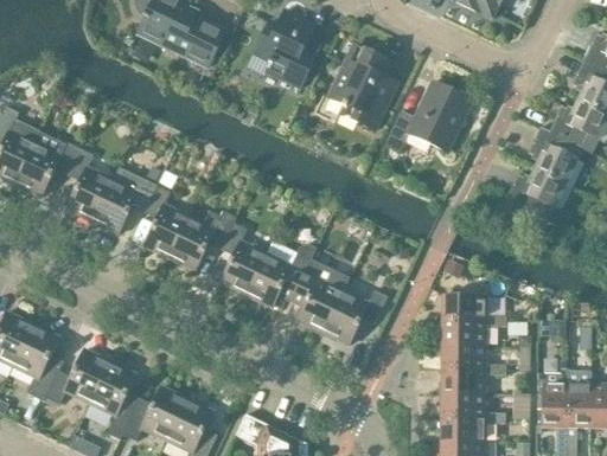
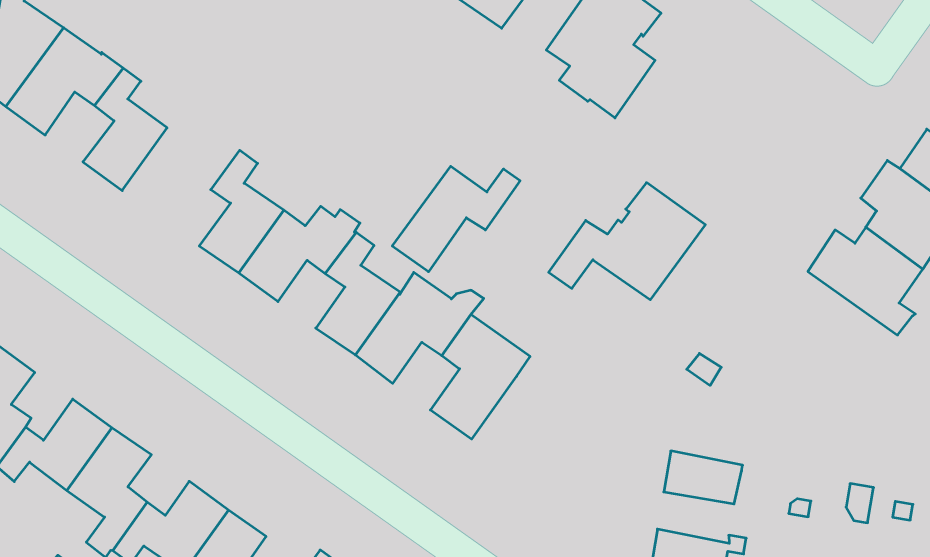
building: [384,82,472,152] -> [549,183,705,300]
building: [92,168,158,233] -> none
building: none -> [392,166,520,272]
building: [324,290,386,345] -> none
building: [442,295,496,325] -> none
building: [442,345,486,368] -> none

